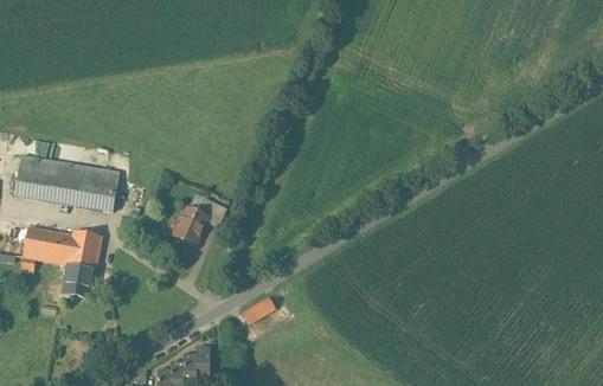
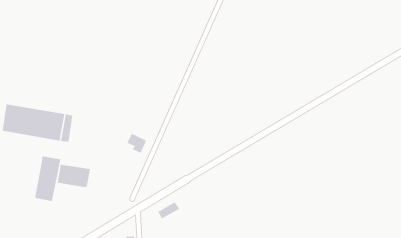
building: [172,207,207,245] -> none
building: [23,229,72,263] -> [57,164,91,188]

